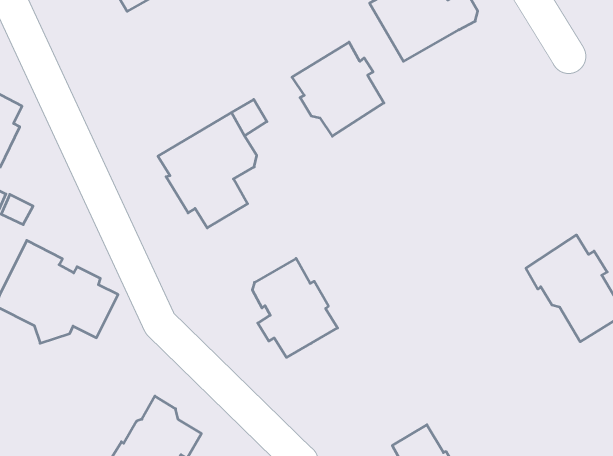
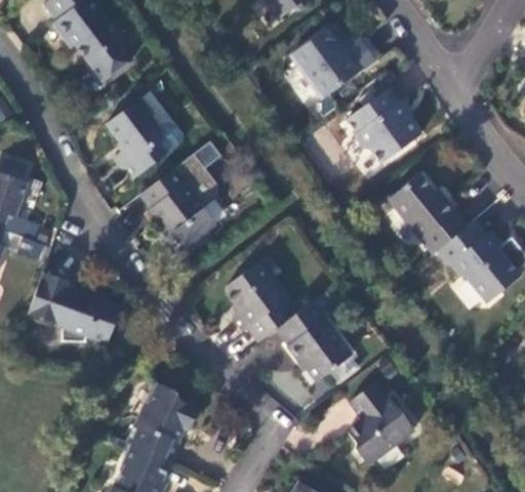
building: none -> [105,100,166,179]
building: [292,42,384,136] -> [346,88,420,164]
building: none -> [390,174,470,254]
building: none -> [276,301,350,381]

